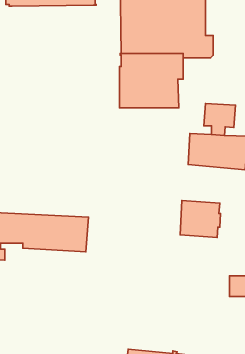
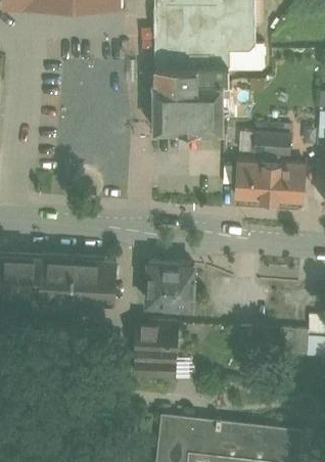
building: [180,200,221,238] -> [145,263,193,307]
building: none -> [133,321,176,377]

